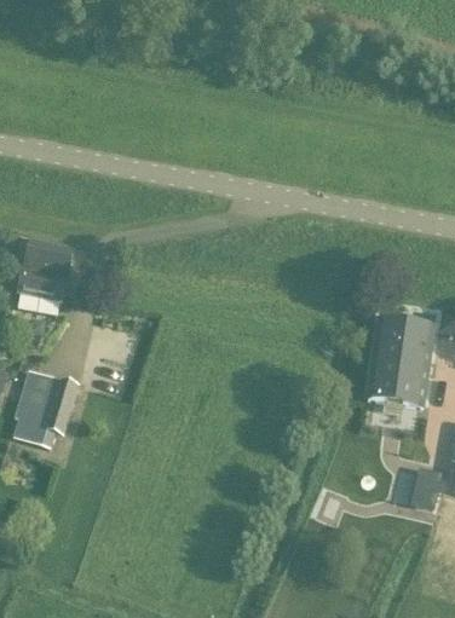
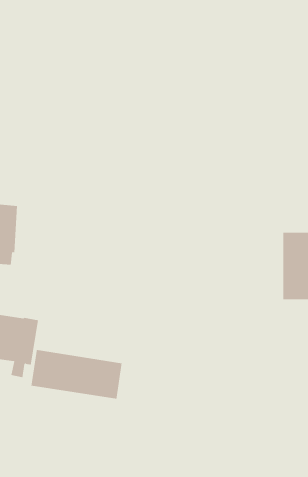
building: none -> [31,349,122,400]

